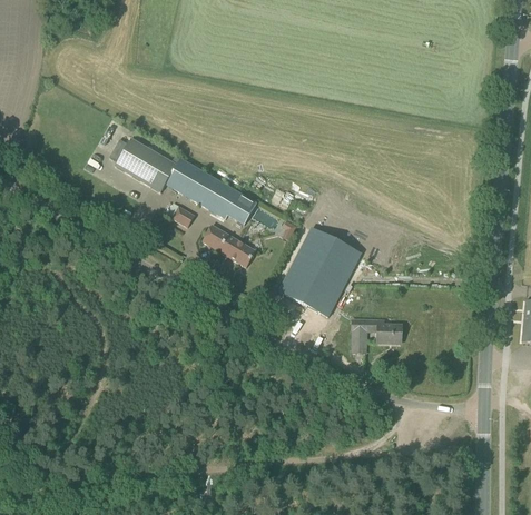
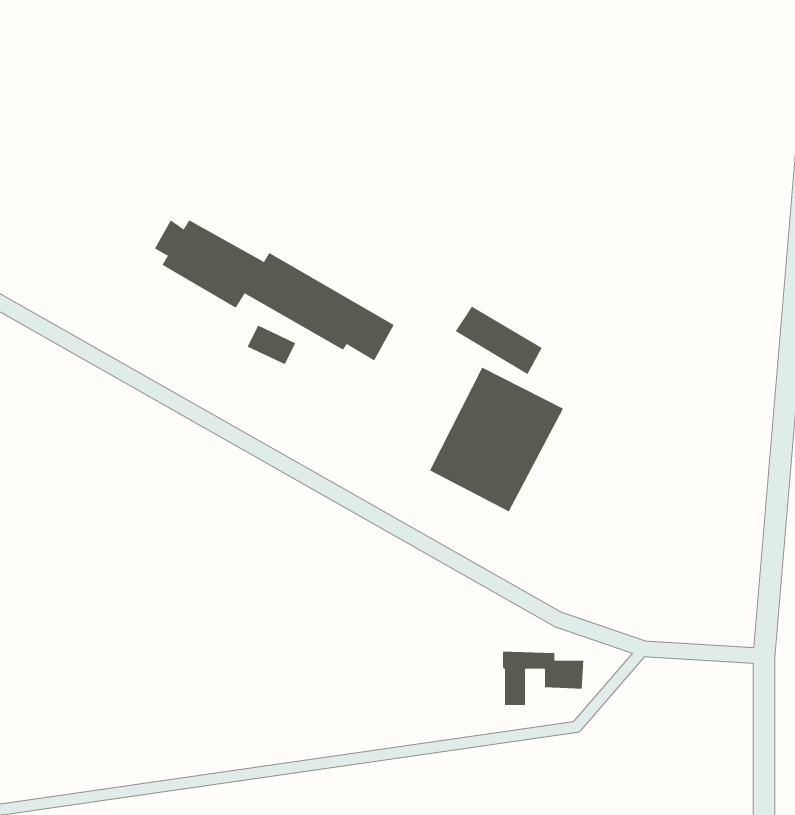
building: [203,225,256,267] -> [455,306,542,375]
building: [352,319,402,353] -> [502,651,584,706]

